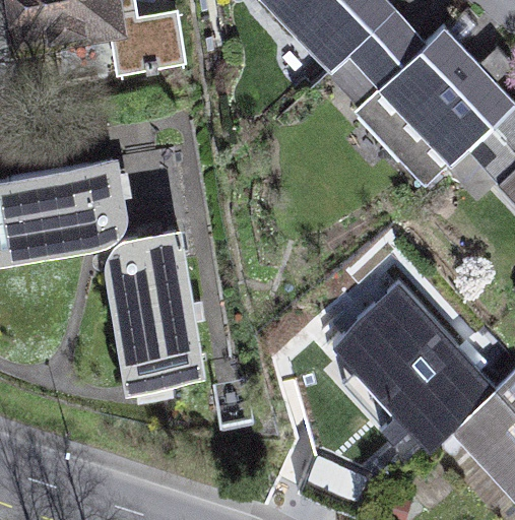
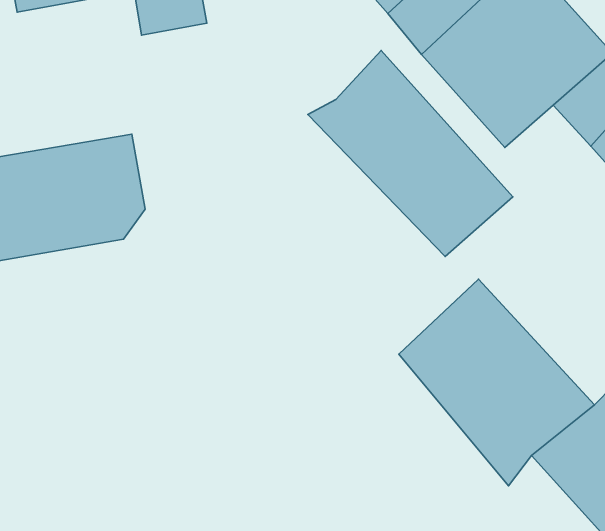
building: none -> [308,50,513,256]
building: [103,237,197,389] -> none

